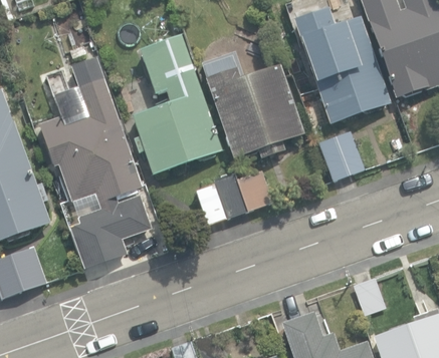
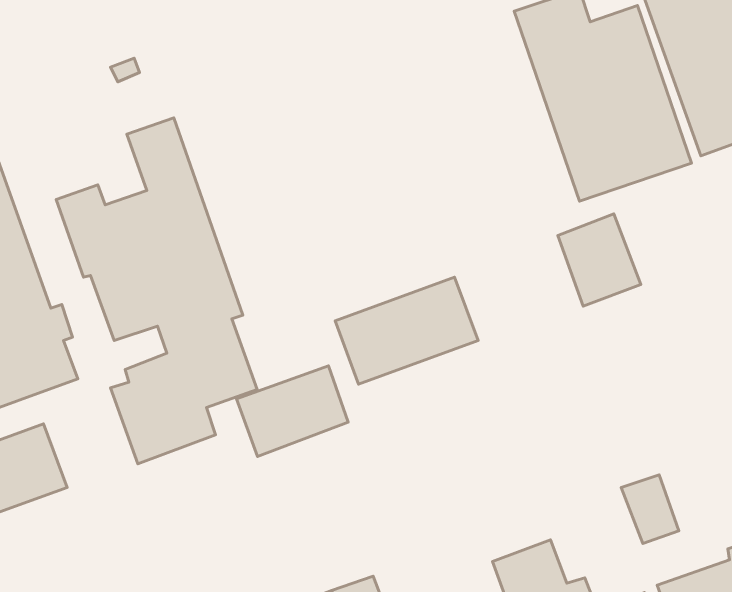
building: [131,35,224,176] -> none
building: [203,57,305,159] -> none
building: none -> [236,366,348,456]

